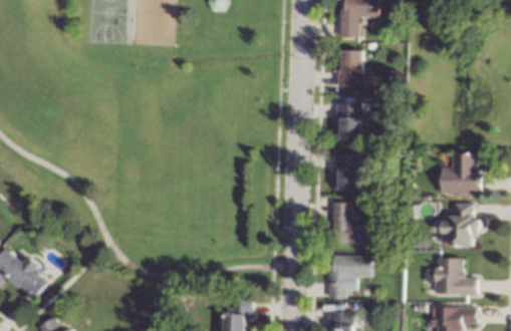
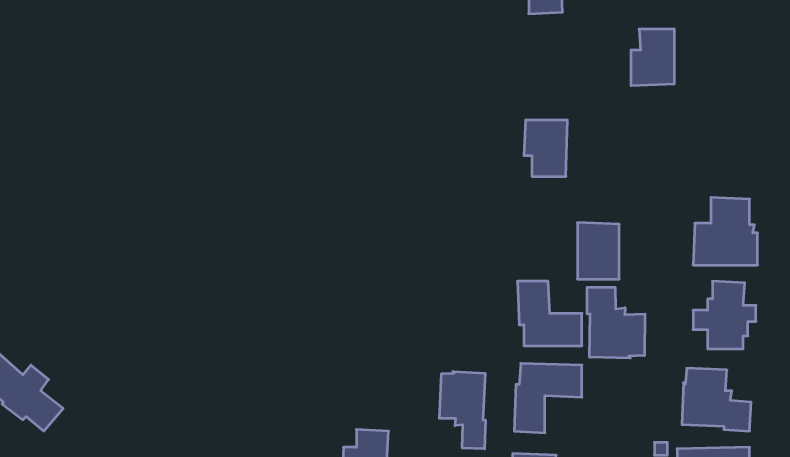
building: [335,50,362,85] -> [631,29,674,86]
building: [333,153,359,189] -> [577,223,619,279]
building: none -> [587,287,645,358]
building: none -> [439,371,485,449]

